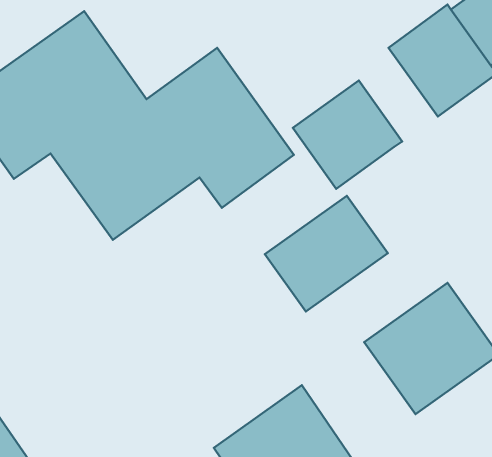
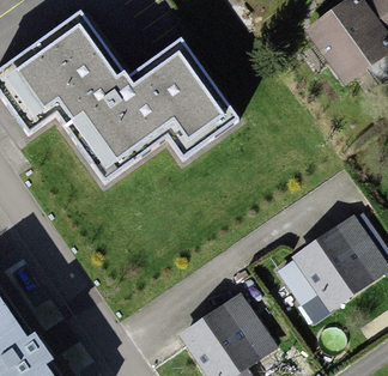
building: [293,80,402,189] -> none
building: [265,196,388,311] -> none

